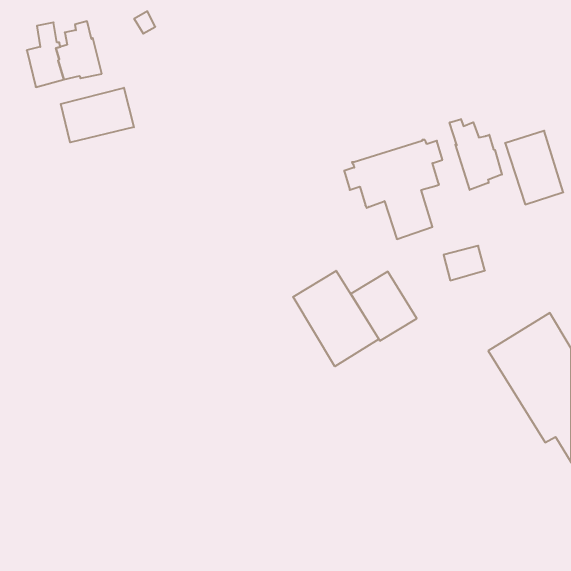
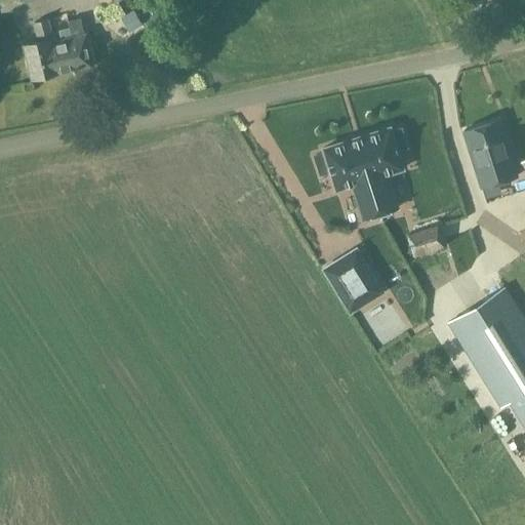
building: [61,88,134,142] -> none
building: [450,119,502,190] -> none
building: [293,271,379,366] -> none

